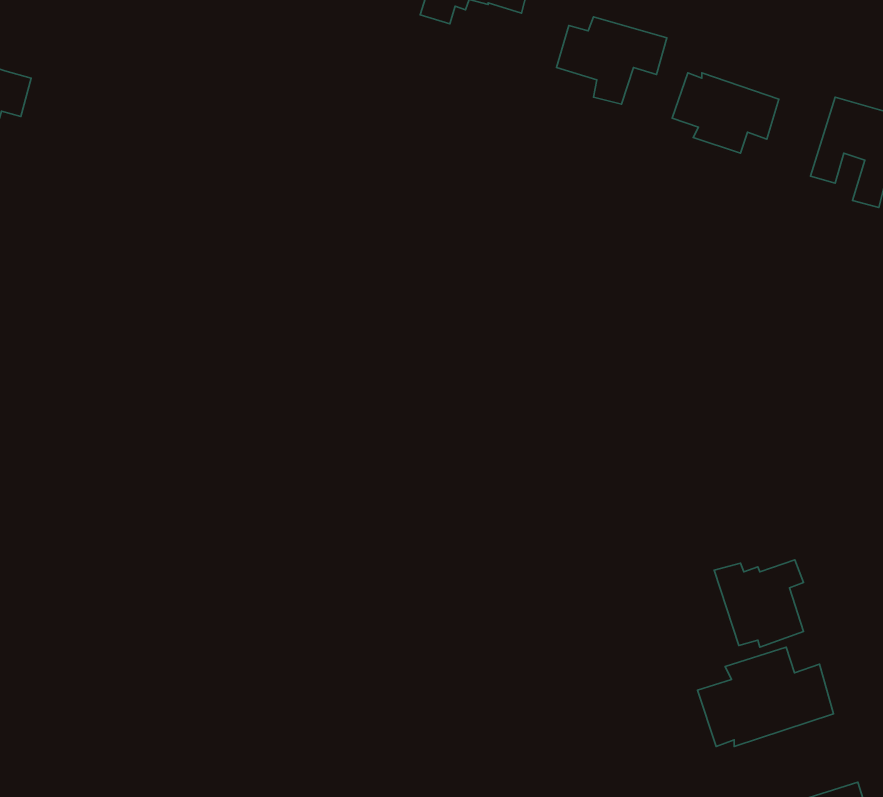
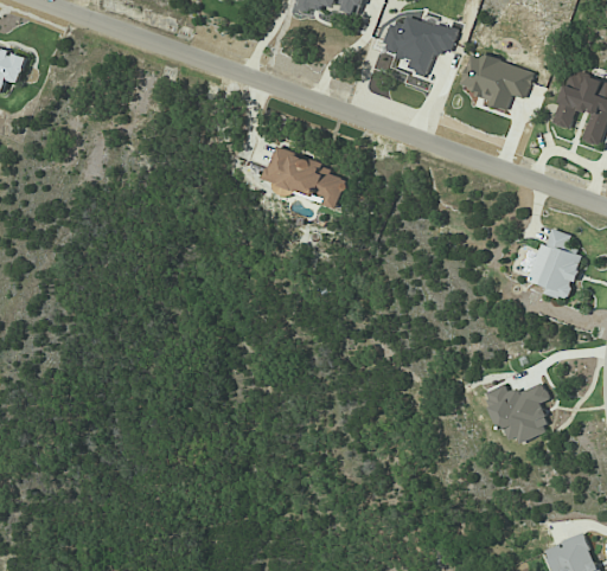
building: none -> [262,148,347,208]
building: none -> [530,227,582,300]
building: [698,647,834,746] -> none

